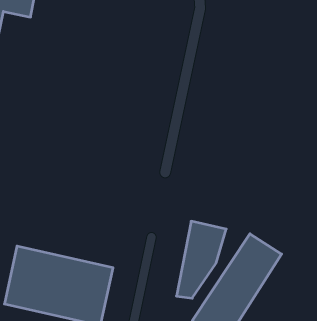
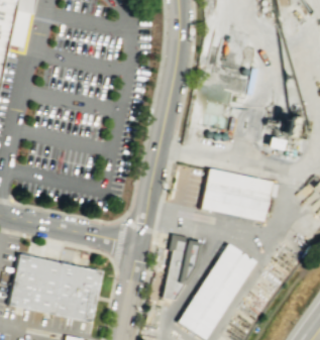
building: none -> [201,169,273,220]

